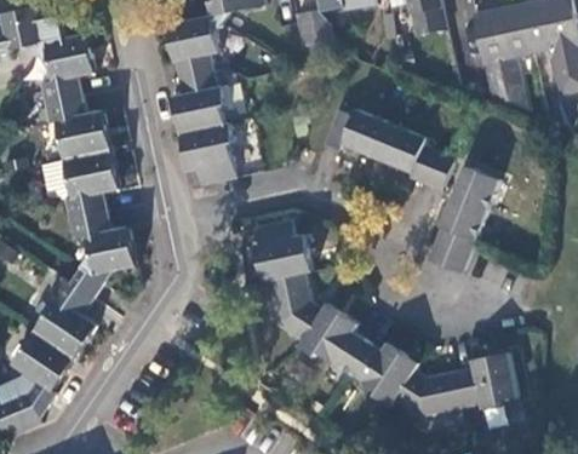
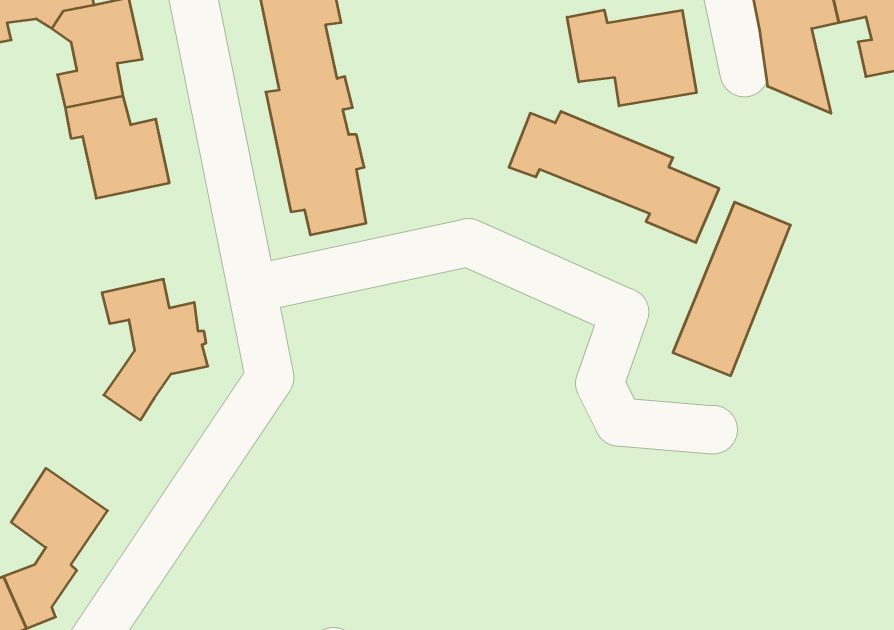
building: none -> [567,10,696,106]
building: [64,151,118,220] -> none
building: [253,219,517,418] -> none
building: [33,278,95,357] -> none

